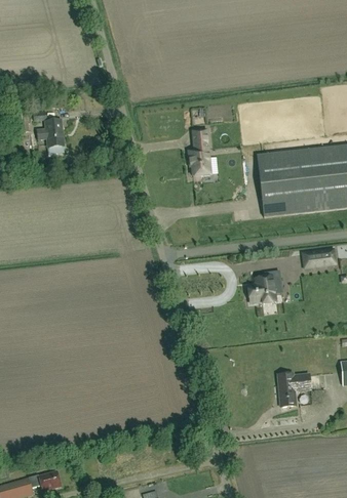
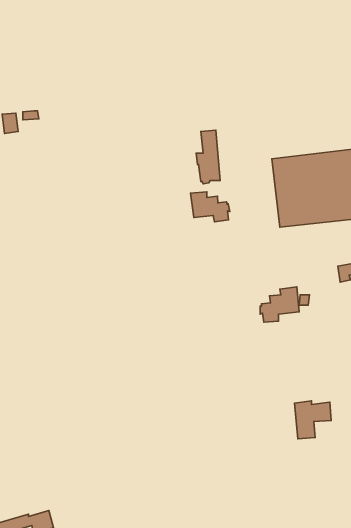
building: [36,119,64,147] -> none
building: none -> [191,192,230,222]

